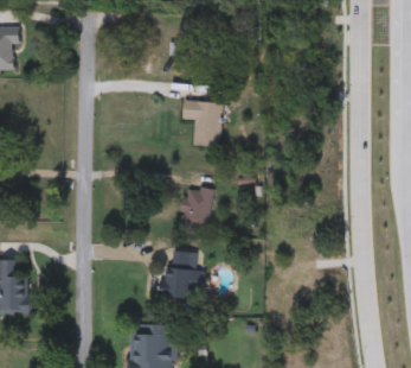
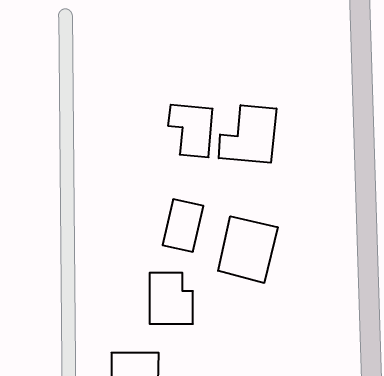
building: none -> [219,105,276,163]
building: none -> [218,216,278,283]

